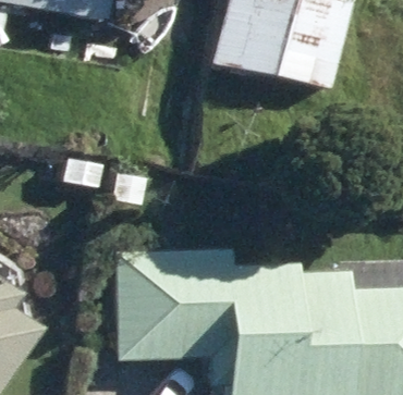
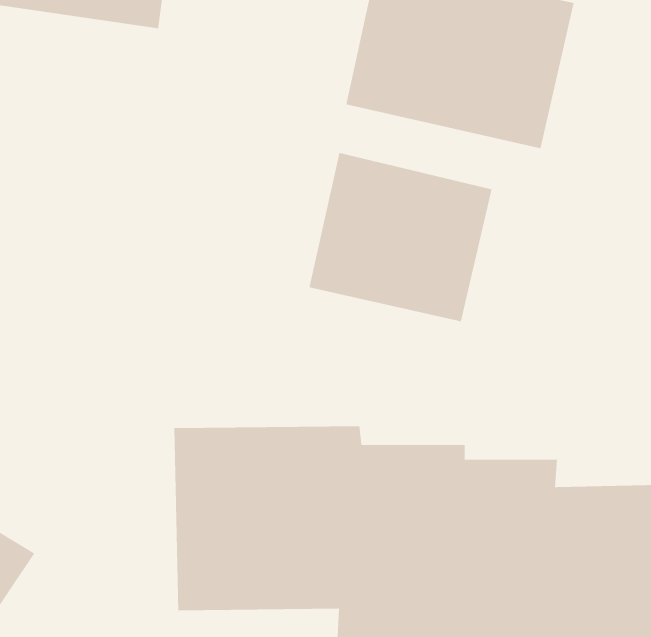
building: none -> [309,152,492,322]

